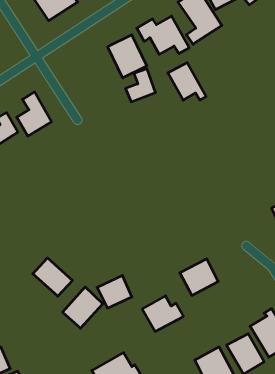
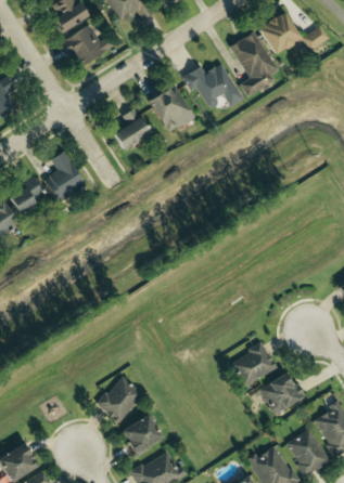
building: [168,63,206,100] -> none
building: [126,69,156,102] -> [113,109,148,147]
building: [33,258,72,296] -> none
building: [97,275,132,308] -> [120,416,161,454]
building: [142,296,183,331] -> [258,374,306,415]

